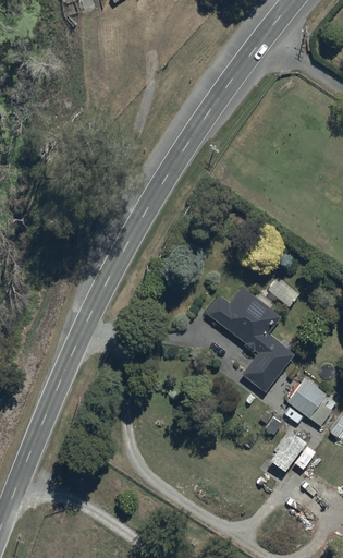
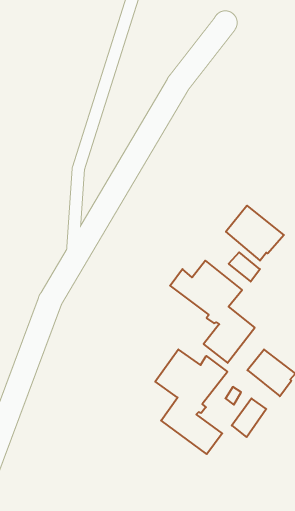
building: none -> [226,206,284,261]
building: none -> [155,349,227,454]

